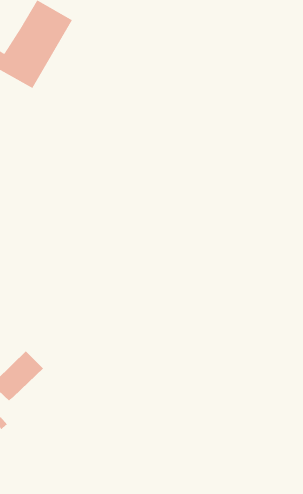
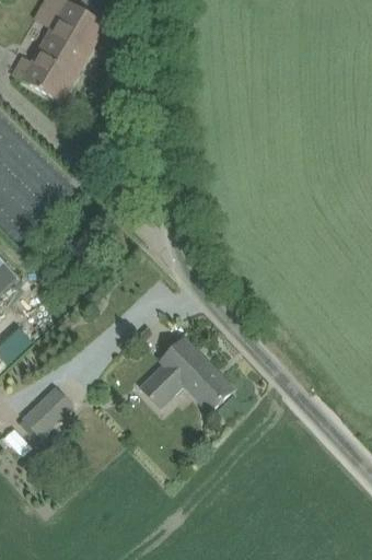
building: none -> [139,338,233,413]

